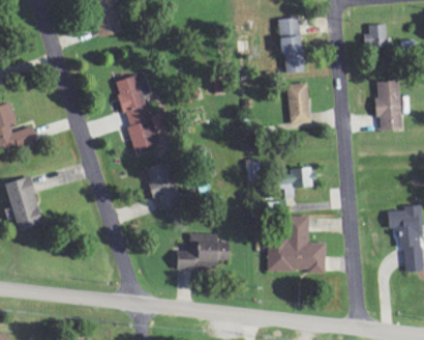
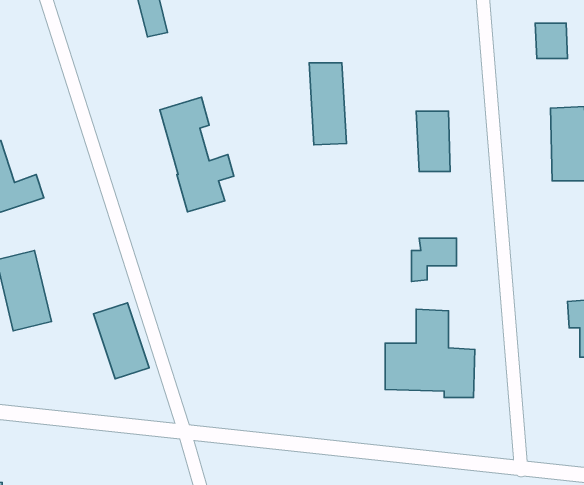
building: [279,18,304,73] -> [309,63,346,145]
building: [144,161,181,211] -> [93,303,149,379]
building: [177,232,231,265] -> none

